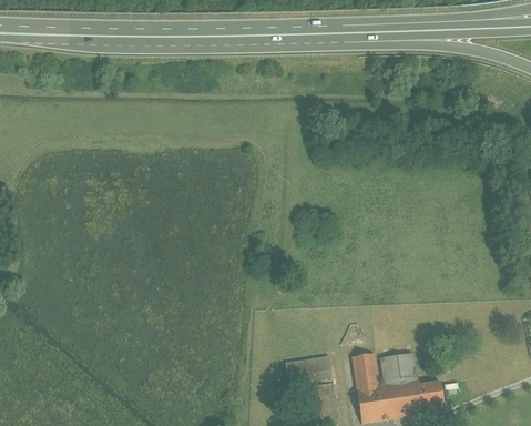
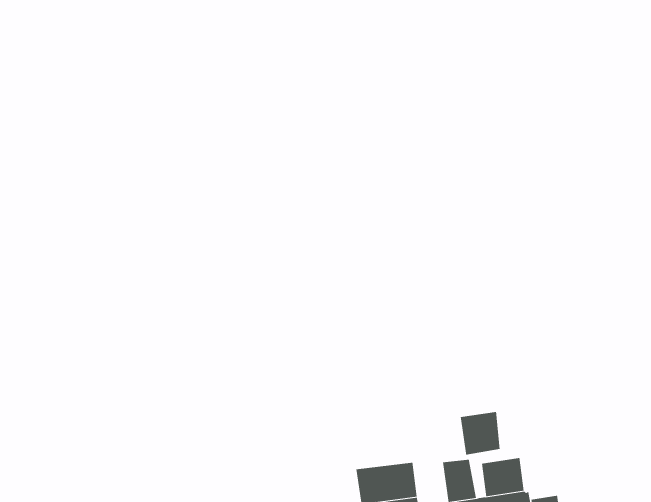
building: none -> [460,411,500,456]

